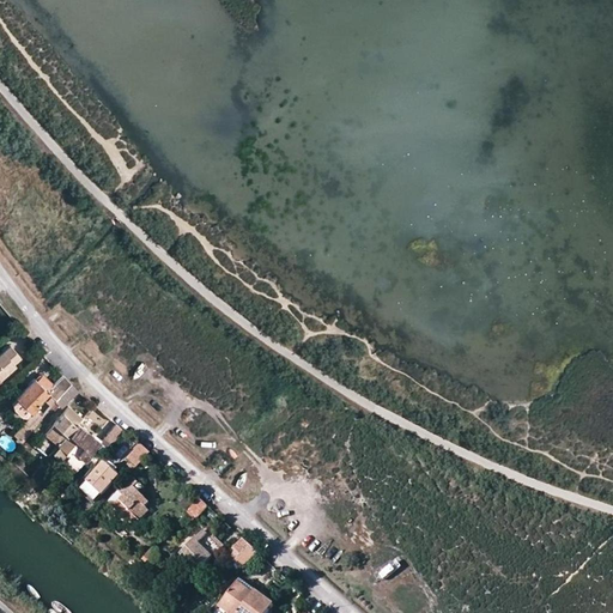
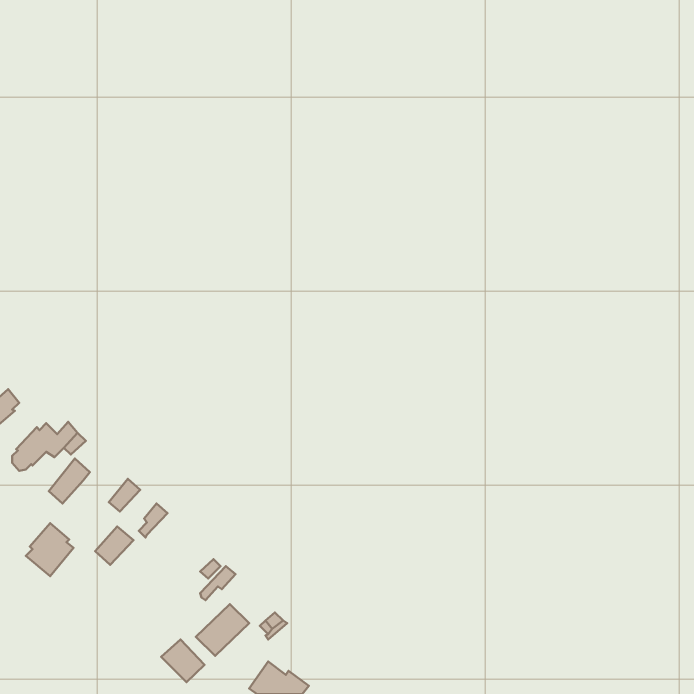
building: [51,423,93,469] -> [26,523,73,576]
building: [114,477,147,523] -> none
building: none -> [161,639,204,682]

